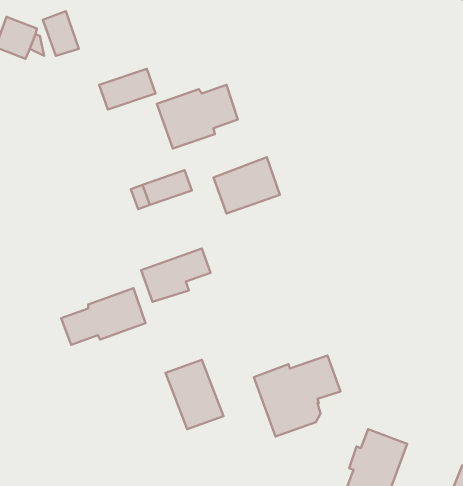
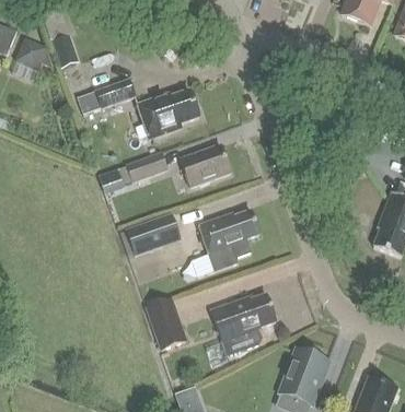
building: none -> [197,209,258,269]
building: [61,288,146,345] -> none

